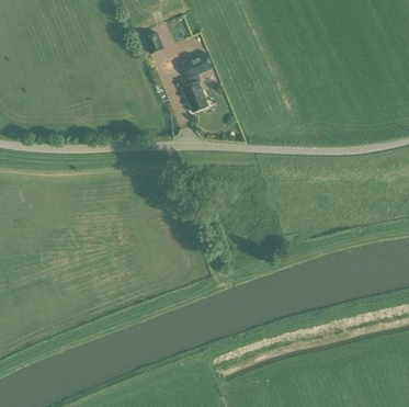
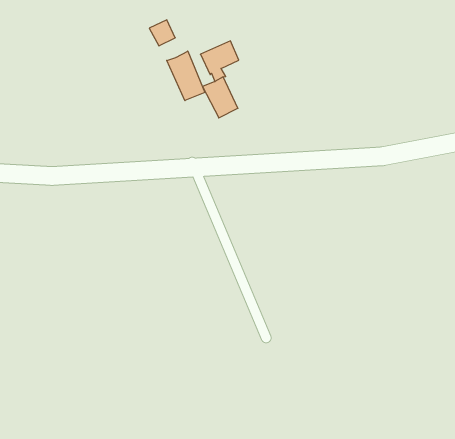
building: none -> [167,51,205,101]

